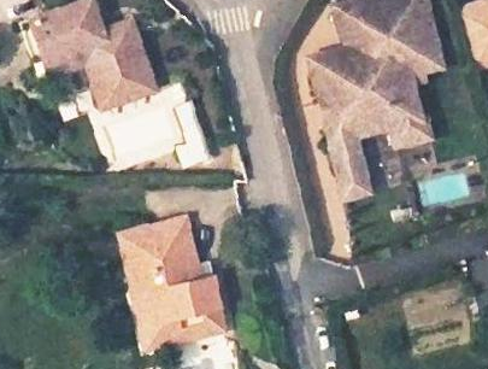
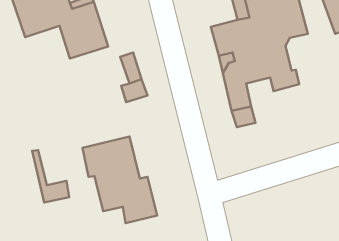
building: [129,271,181,345] -> [32,150,69,202]

